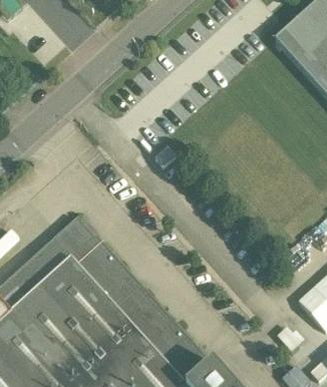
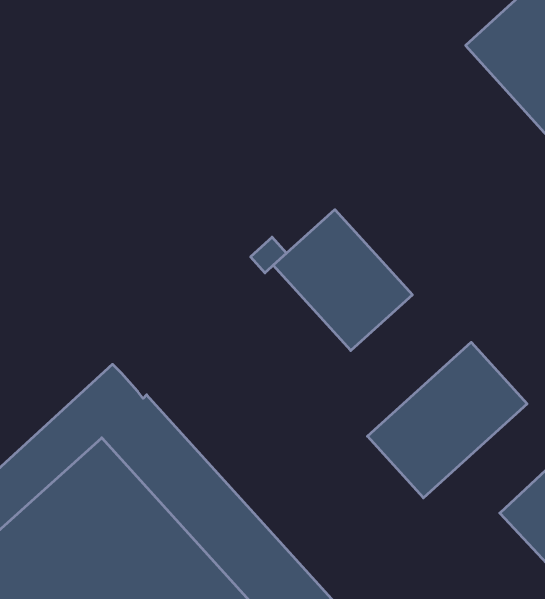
building: none -> [273,210,412,351]
building: none -> [367,342,527,498]

